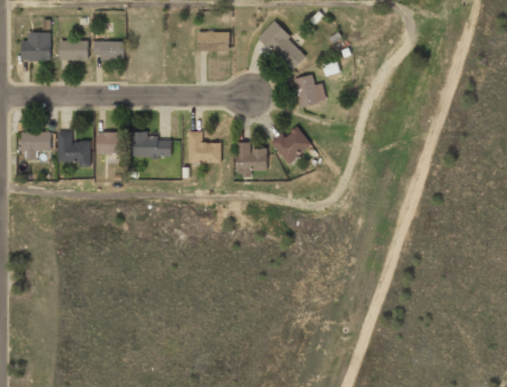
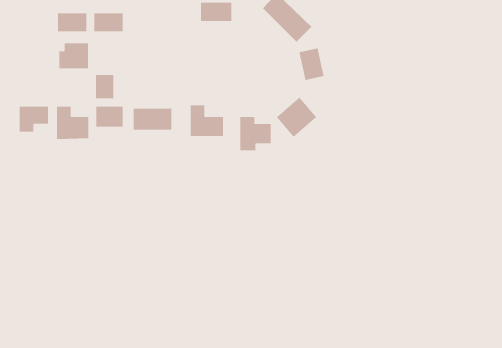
building: [21,34,50,60] -> [59,42,89,69]
building: none -> [95,74,114,99]

